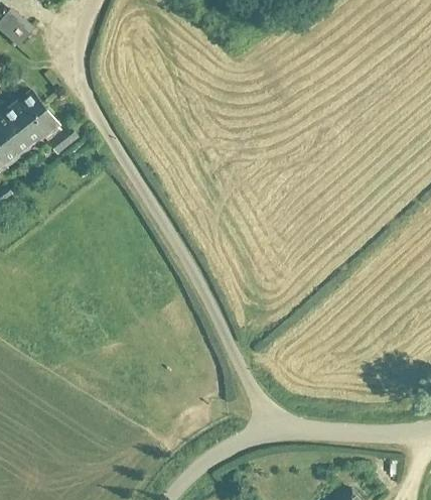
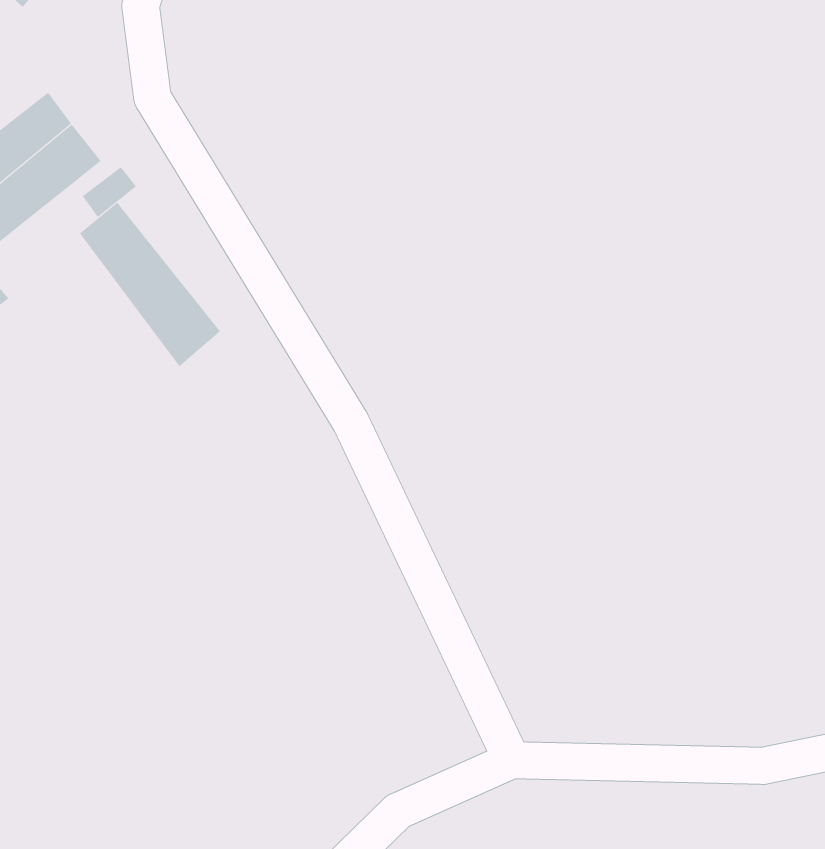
building: none -> [79,202,221,367]

